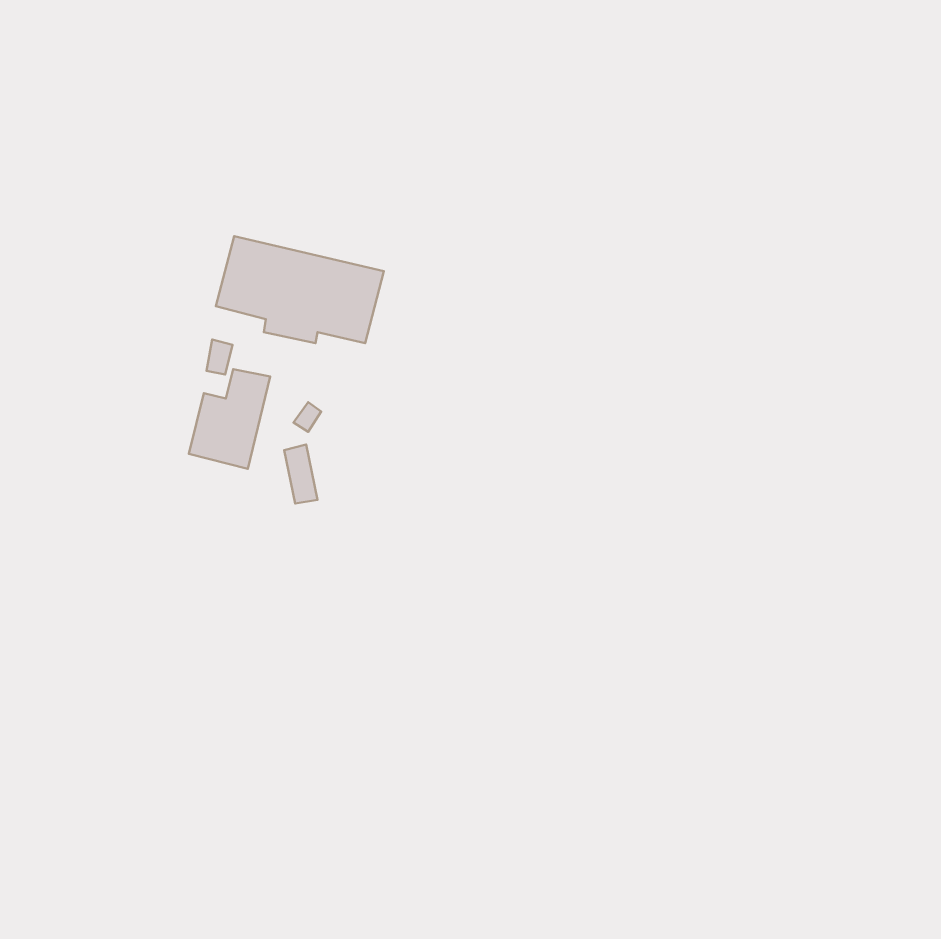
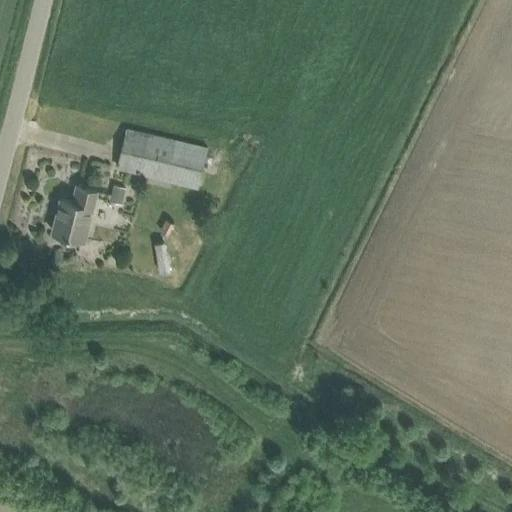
building: [189,369,270,469] -> [52,187,96,241]

